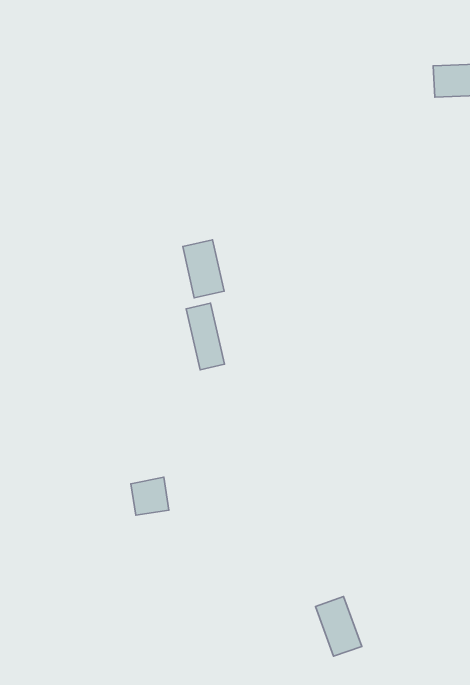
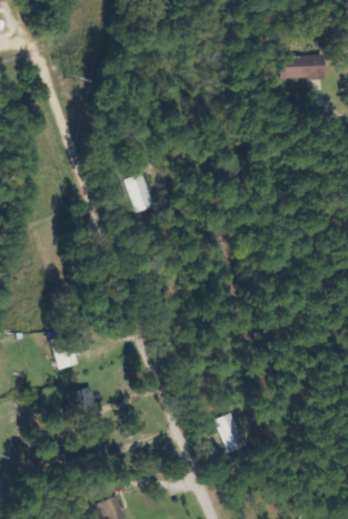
building: [186,303,224,370] -> none
building: [131,477,169,515] -> [68,388,93,413]

